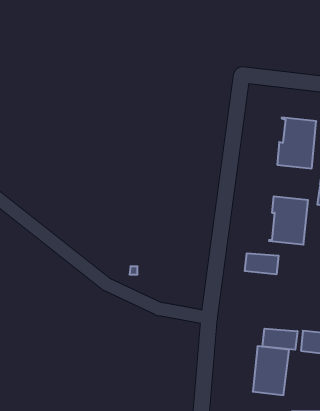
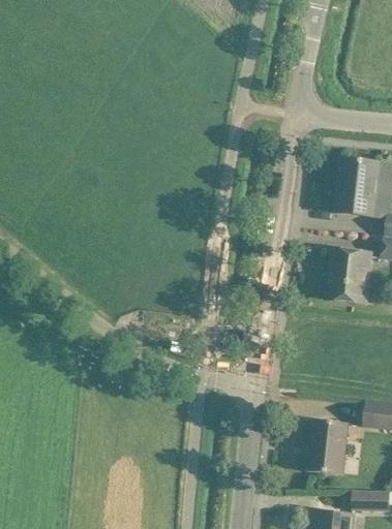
building: [245,253,279,274] -> none
building: [263,329,297,350] -> none

